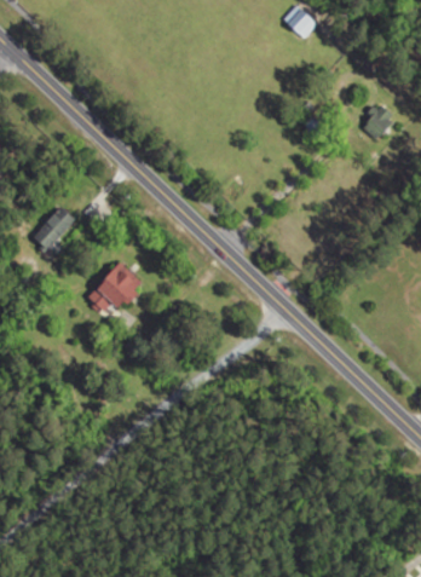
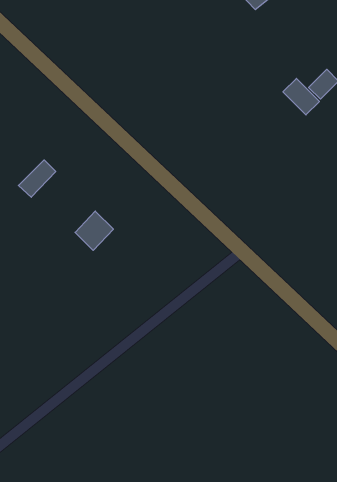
building: none -> [283,78,319,115]

